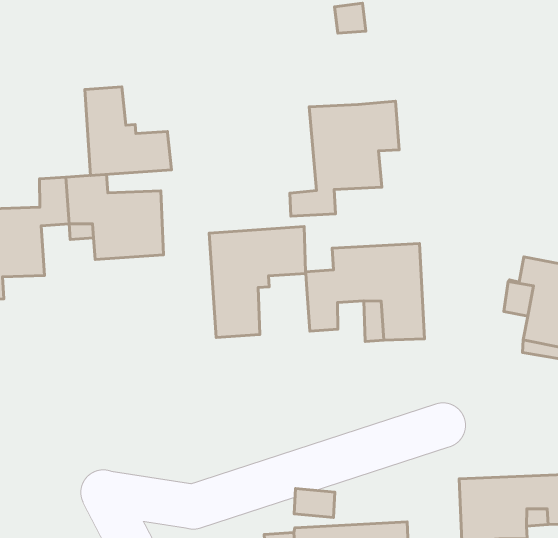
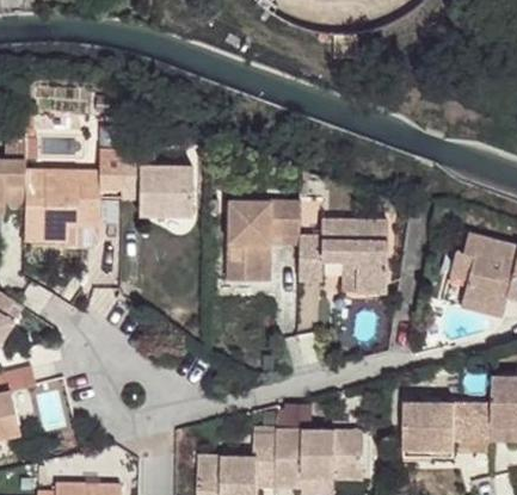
building: [85,87,171,175] -> none
building: [290,101,399,216] -> none

